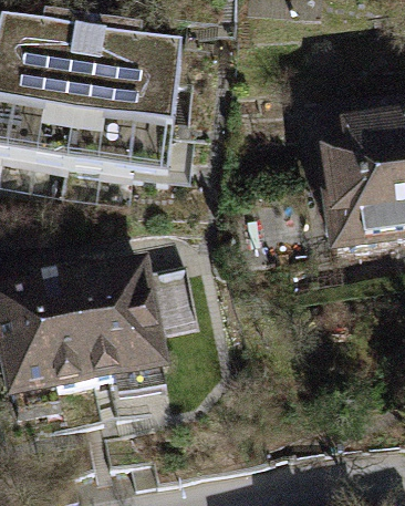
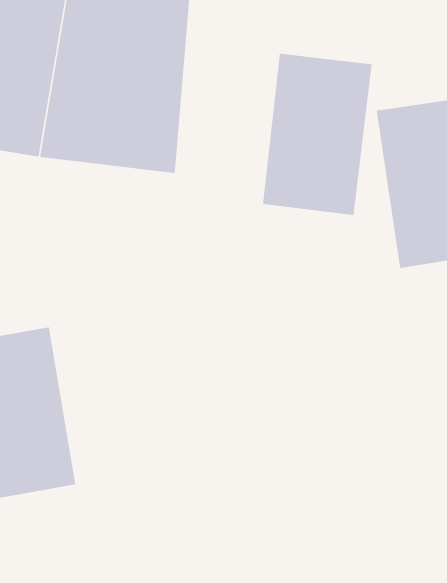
building: none -> [262,53,372,216]
building: [71,269,173,402] -> none

